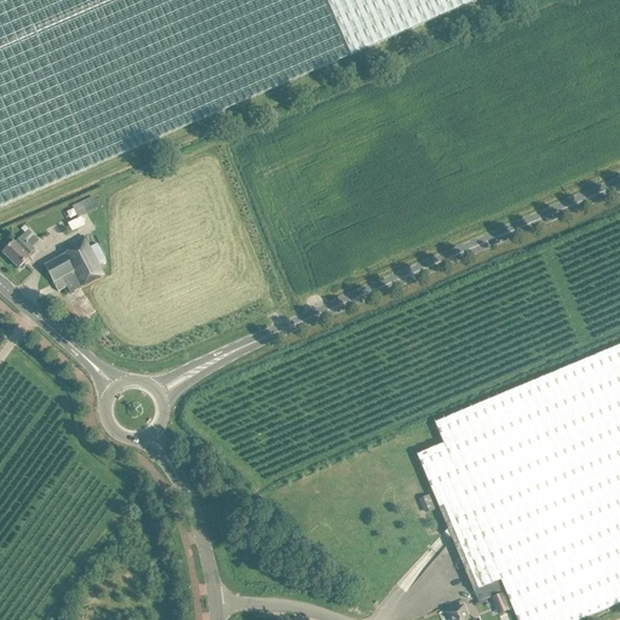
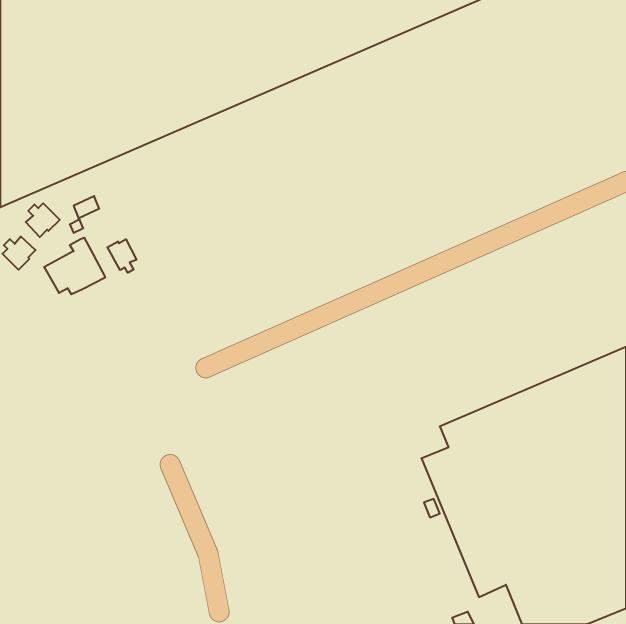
building: none -> [26,203,60,237]
building: none -> [107,239,137,273]

